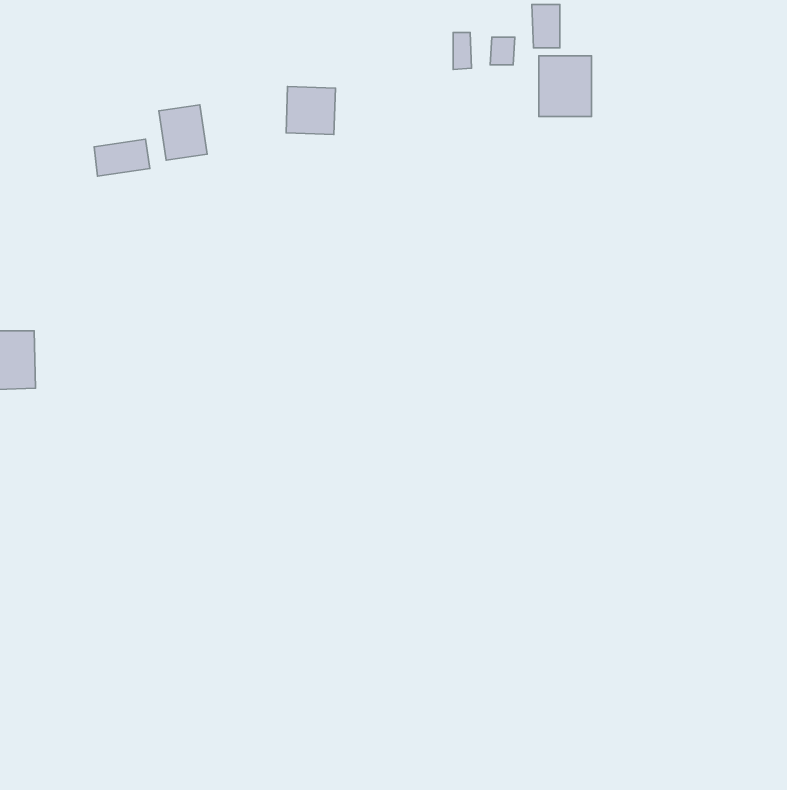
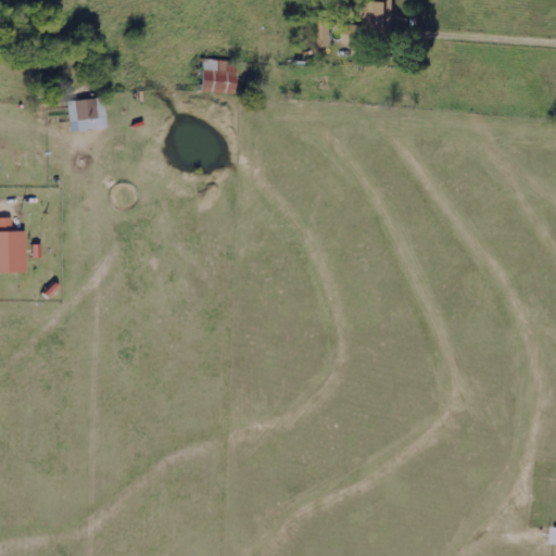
building: [539,56,592,117] -> none
building: [159,105,207,160] -> none

